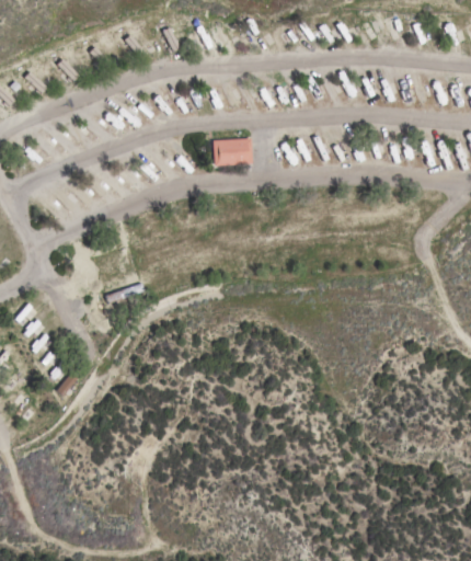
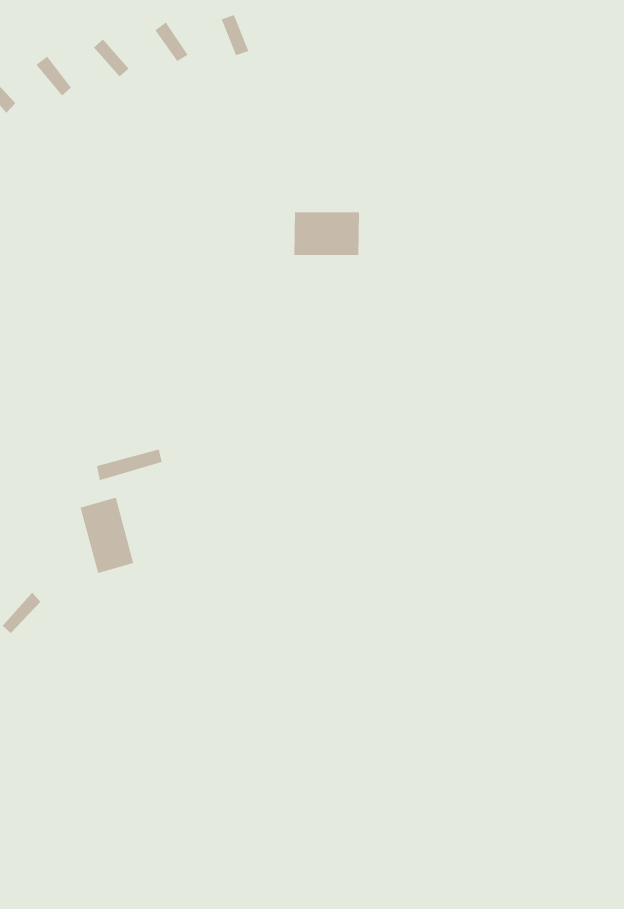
building: none -> [80,497,134,574]

